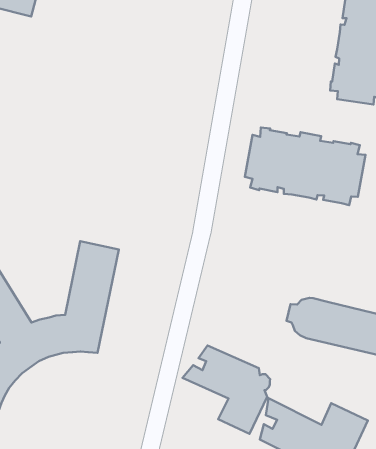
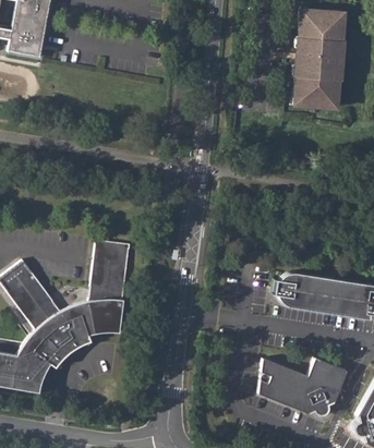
building: [245,128,366,205] -> none
building: [183,345,270,434] -> none

